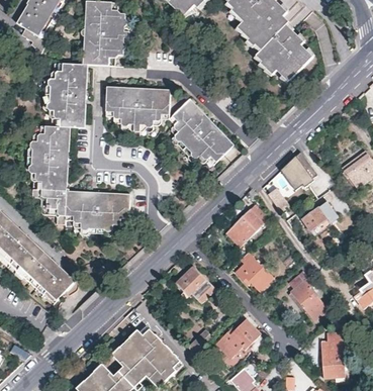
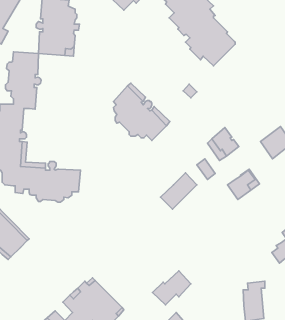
building: [105,87,171,136] -> none
building: [235,250,272,290] -> none
building: [176,266,214,303] -> none
building: [287,269,327,319] -> none

